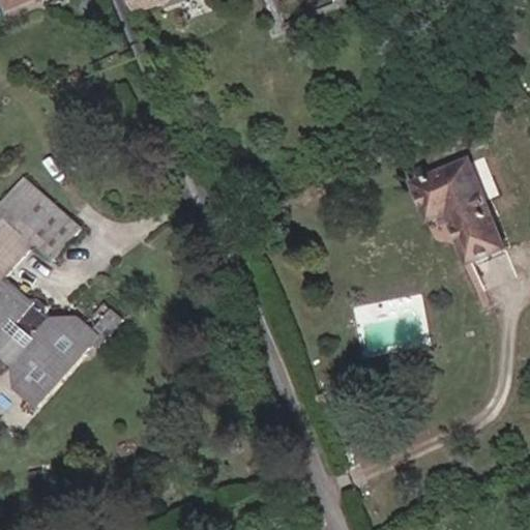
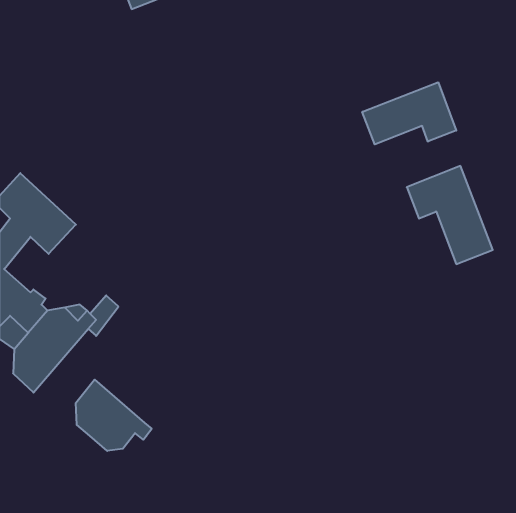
building: none -> [362,82,456,144]
building: none -> [76,380,152,451]

